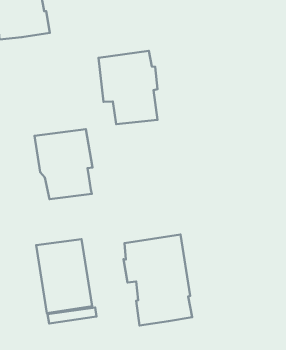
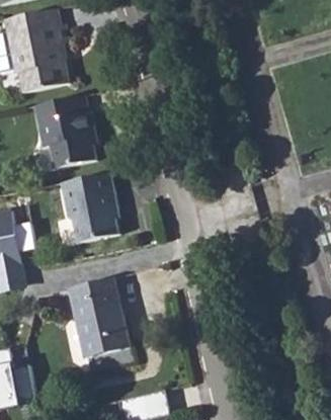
building: [98,51,158,124] -> [31,91,94,166]
building: [124,235,192,325] -> none

